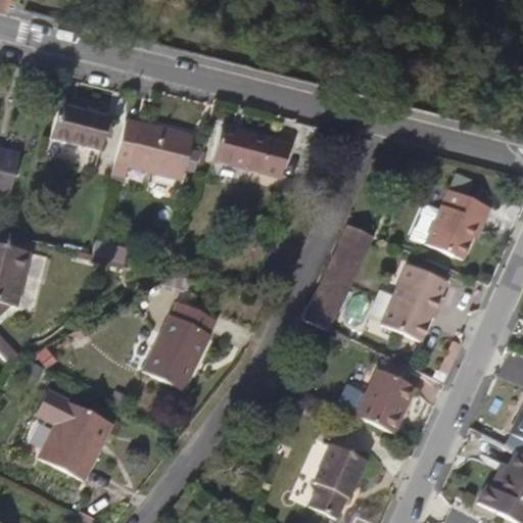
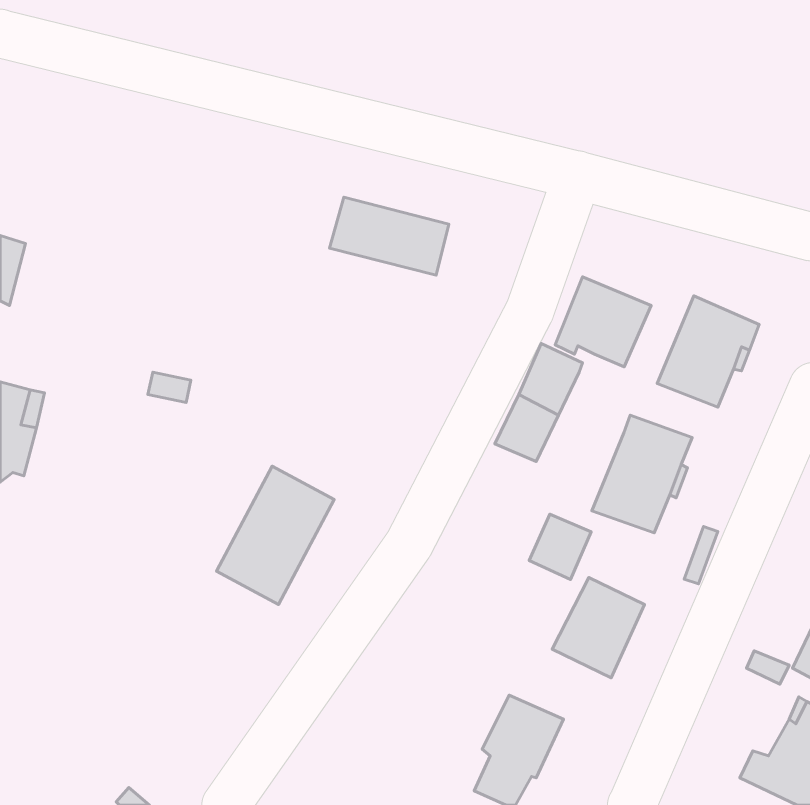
building: [51,102,109,150] -> none
building: [112,118,193,179] -> none
building: none -> [555,277,651,367]
building: [306,285,346,327] -> [529,514,591,579]
building: [34,385,110,477] -> none

